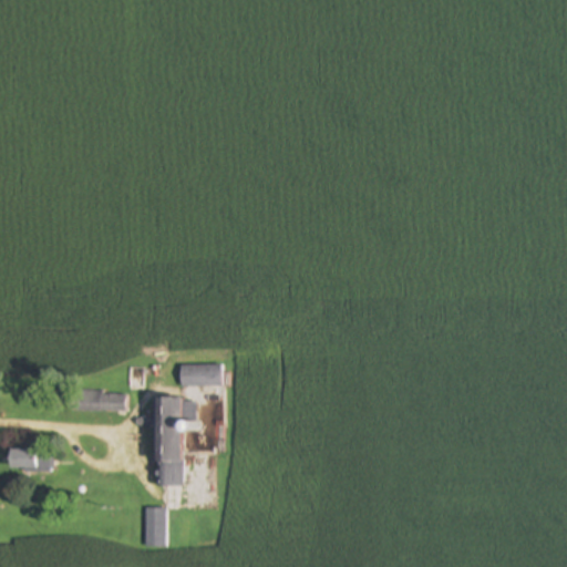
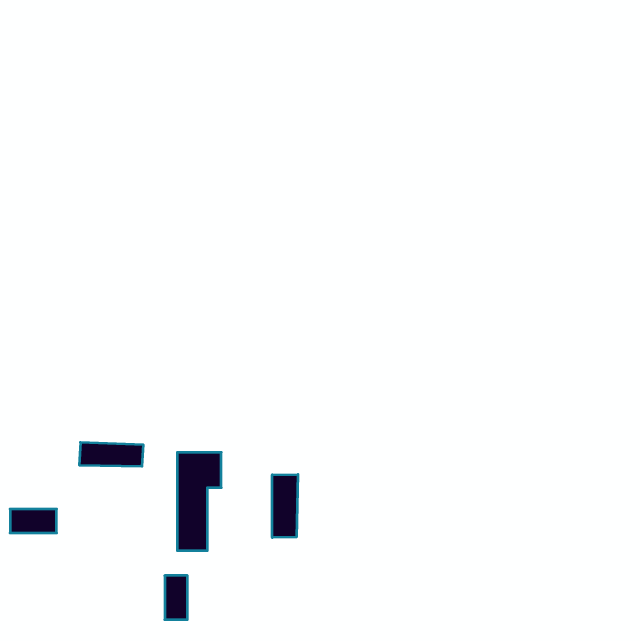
building: [179,365,221,386] -> none
building: none -> [272,474,298,538]

